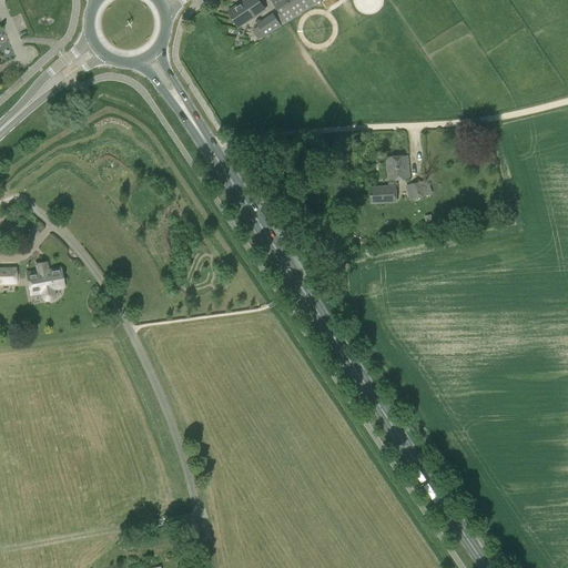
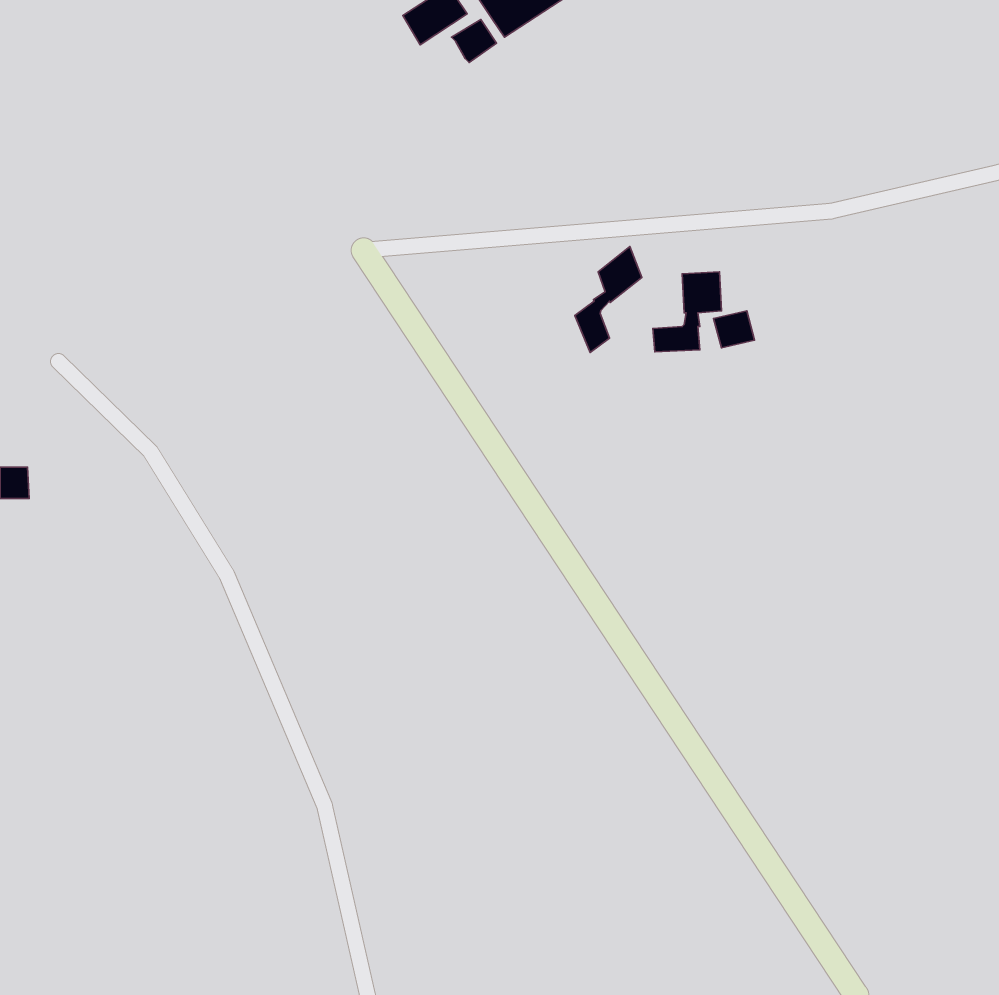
building: none -> [575,247,642,353]
building: [28,261,63,298] -> none

